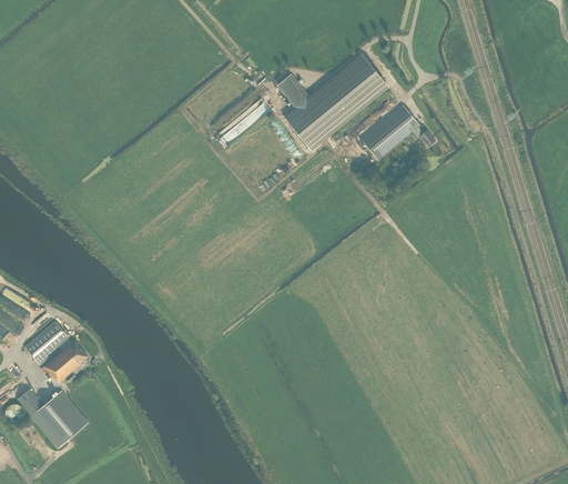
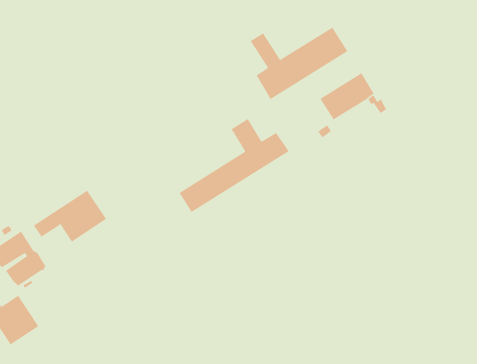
building: none -> [179,118,289,213]
building: none -> [33,190,107,242]

